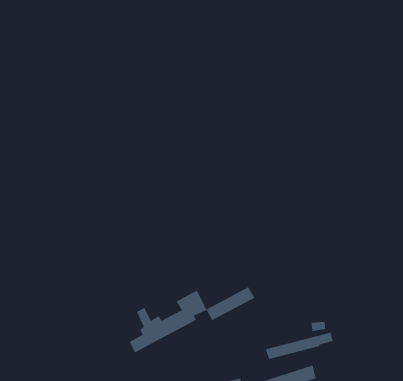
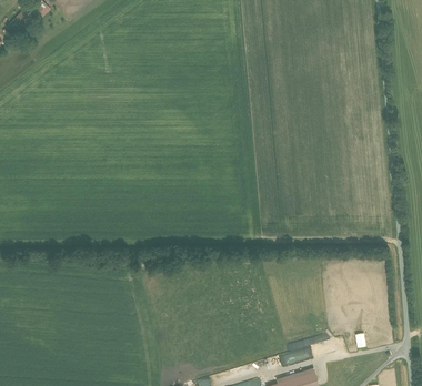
building: [129,286,256,354] -> none

